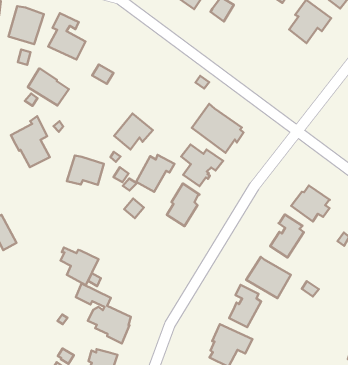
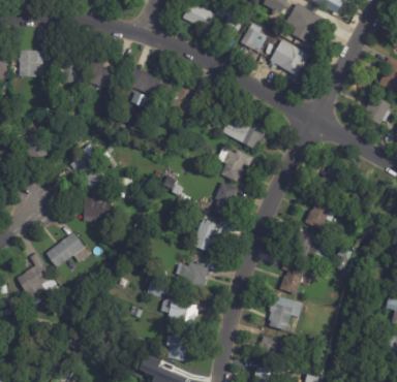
building: none -> [241,24,267,53]
building: none -> [271,41,310,77]
building: [28,69,69,105] -> [127,67,162,96]
building: [114,113,153,149] -> [167,85,200,116]
building: [136,155,174,192] -> [192,219,222,251]
building: [67,156,104,185] -> [83,197,112,221]
building: [61,248,99,285] -> [176,262,208,291]

